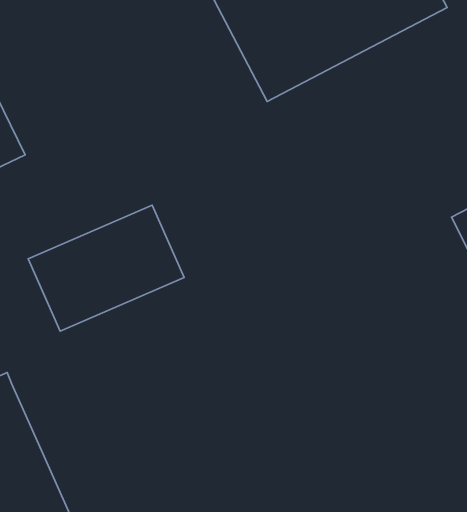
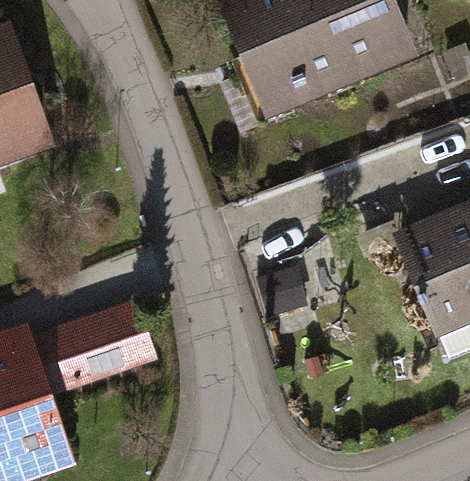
building: [28,205,184,331] -> [26,300,153,397]

